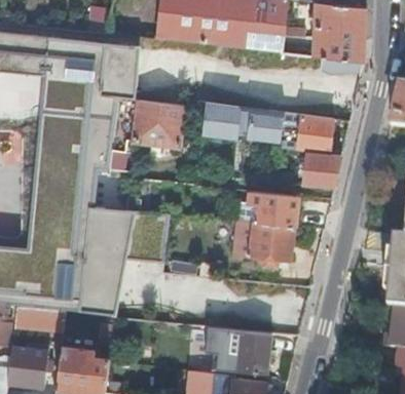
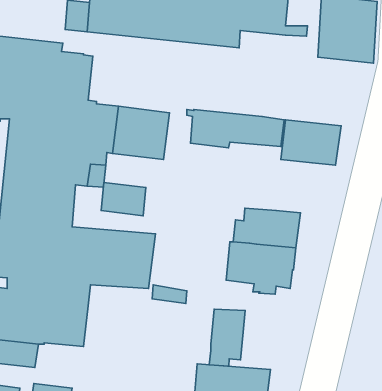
building: [304,151,341,188] -> none
building: none -> [101,183,146,216]
building: none -> [209,309,245,366]

